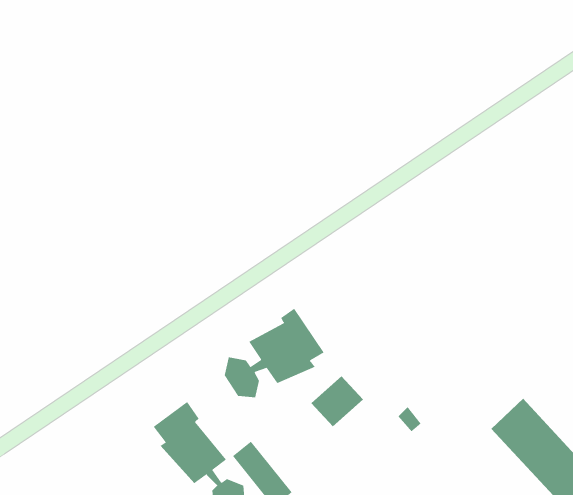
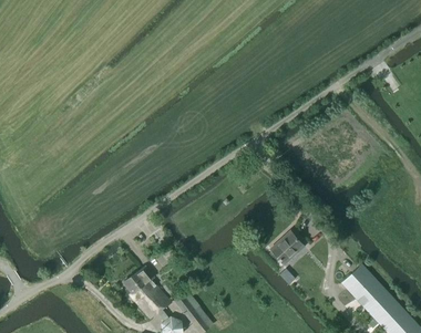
building: [224,308,324,398] -> none
building: [310,376,364,427] -> [271,231,306,264]

